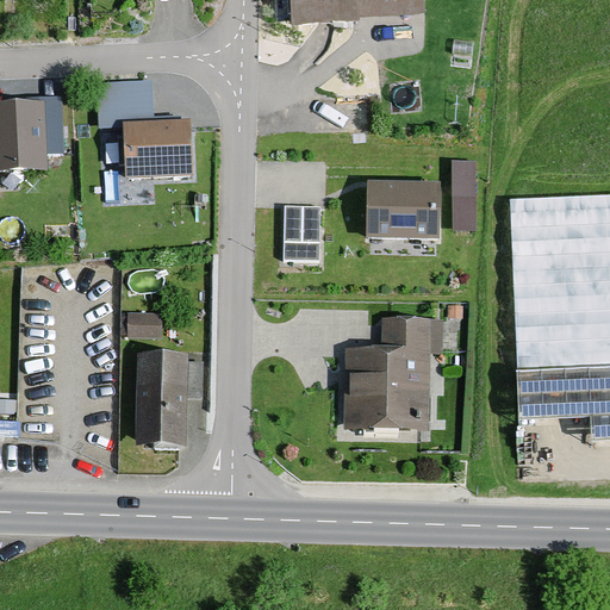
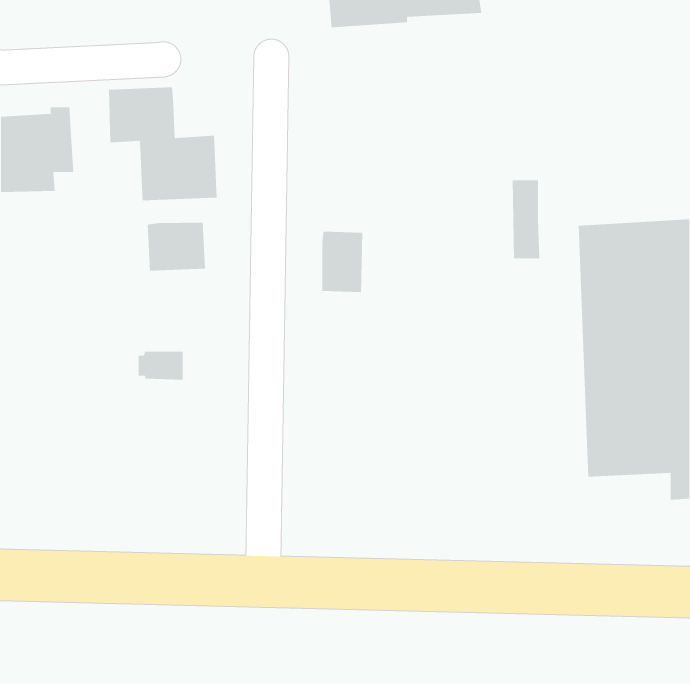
building: [366,180,441,239] -> none
building: none -> [147,222,206,272]
building: [343,316,443,430] -> none
building: [136,353,204,446] -> none

